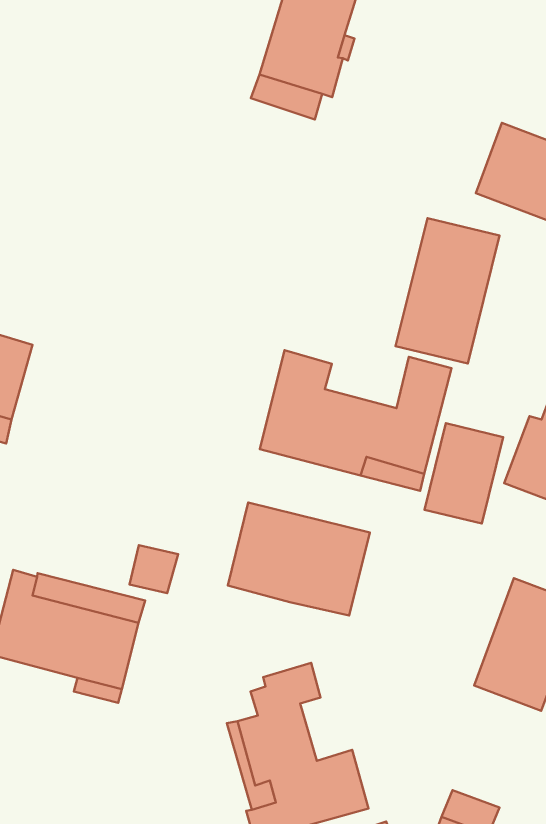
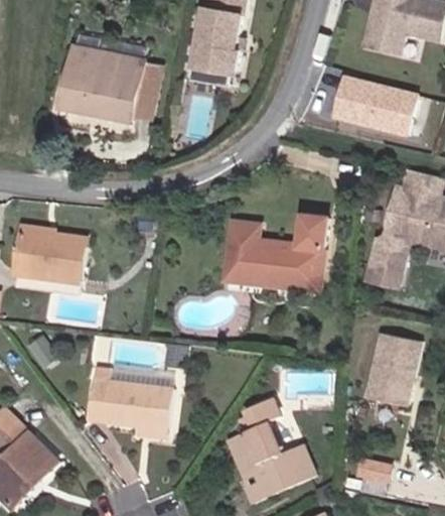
building: none -> [62,47,161,120]
building: [396,218,499,364] -> none
building: [424,423,503,524] -> none
building: [228,503,370,616] -> none

